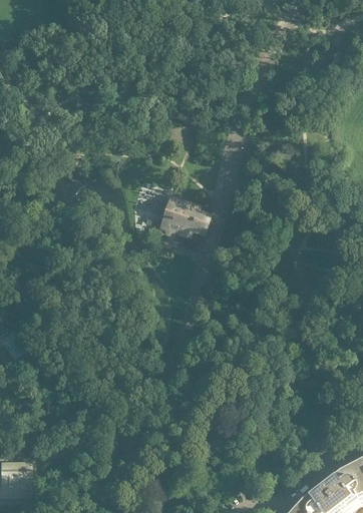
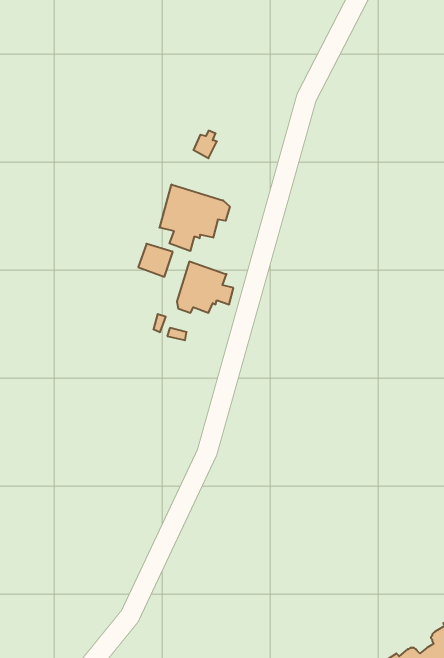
building: none -> [159,184,230,251]

